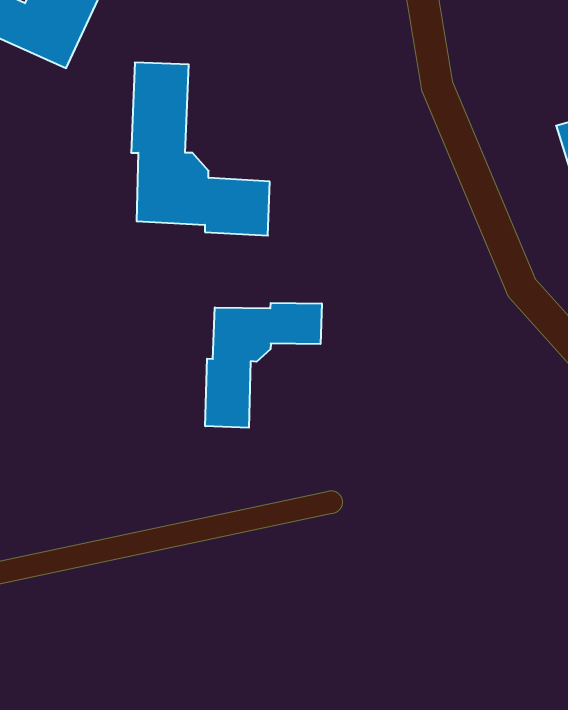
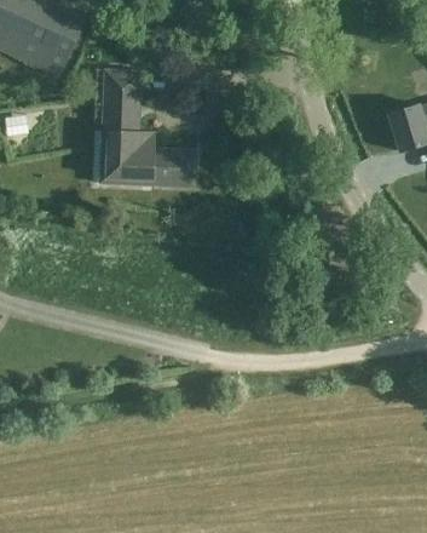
building: [205,303,322,428] -> none

